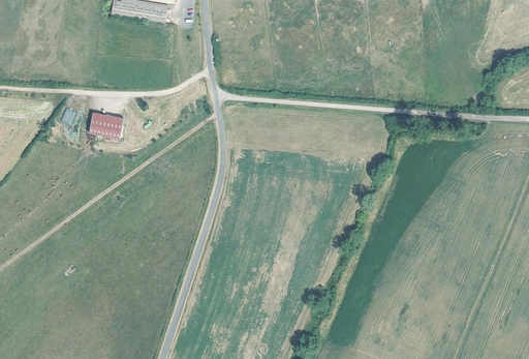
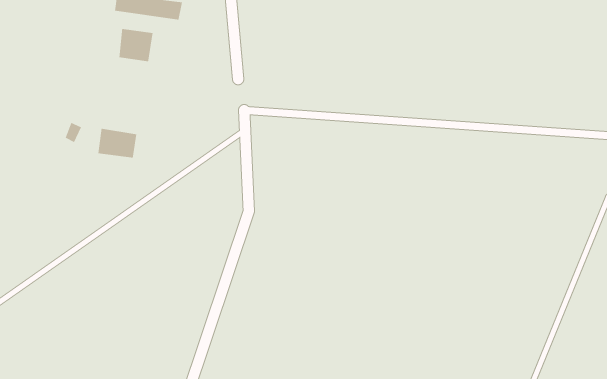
building: none -> [119,28,153,62]

